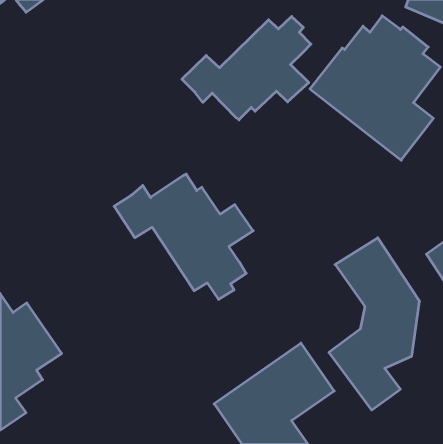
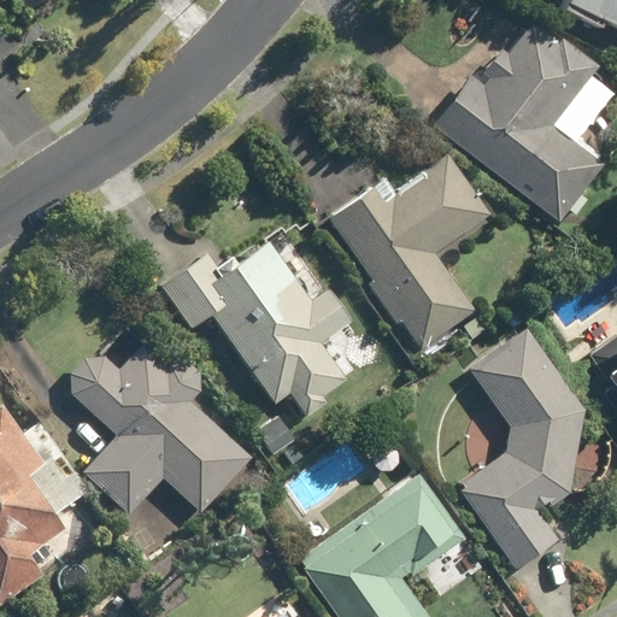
building: [182,16,311,120] -> none
building: none -> [330,155,488,348]
building: none -> [70,343,253,516]

